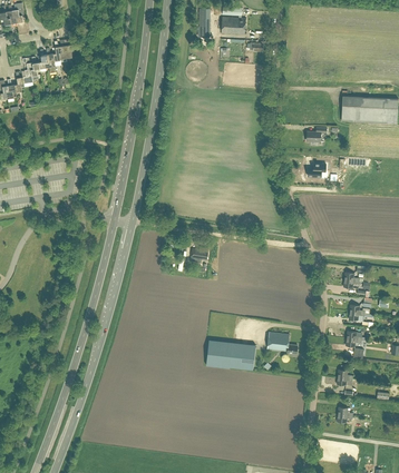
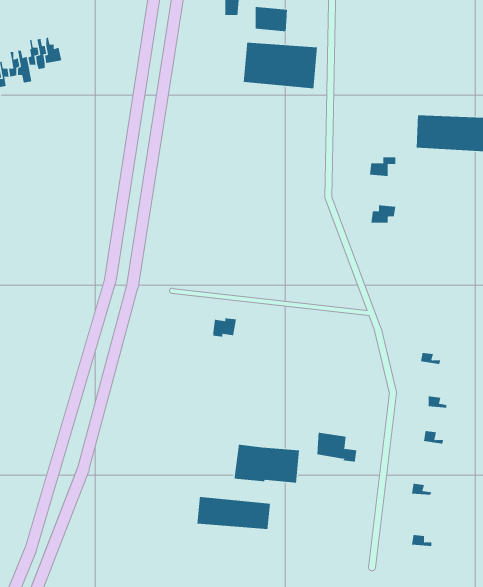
building: none -> [243,42,318,89]
building: none -> [197,496,270,530]

